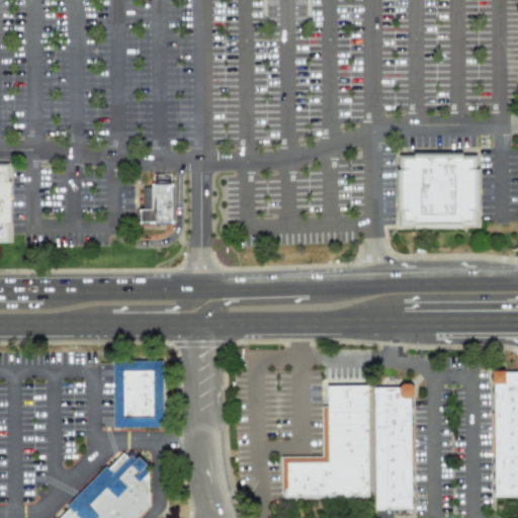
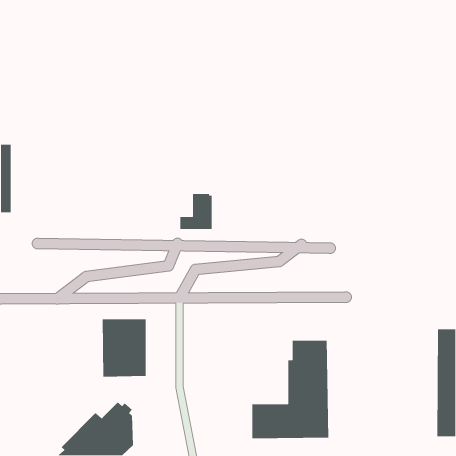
building: [403,161,472,223] -> none
building: [141,182,178,224] -> [180,193,213,230]
building: [378,387,416,509] -> none

